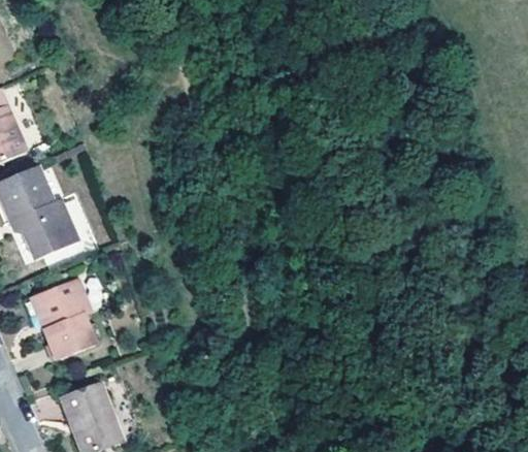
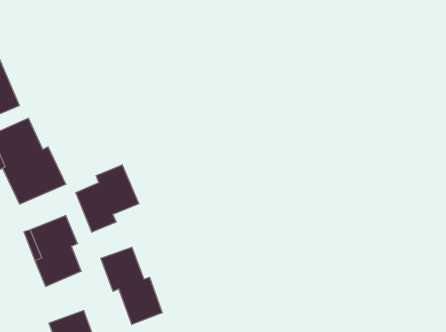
building: none -> [76,165,139,232]
building: none -> [101,247,162,325]

